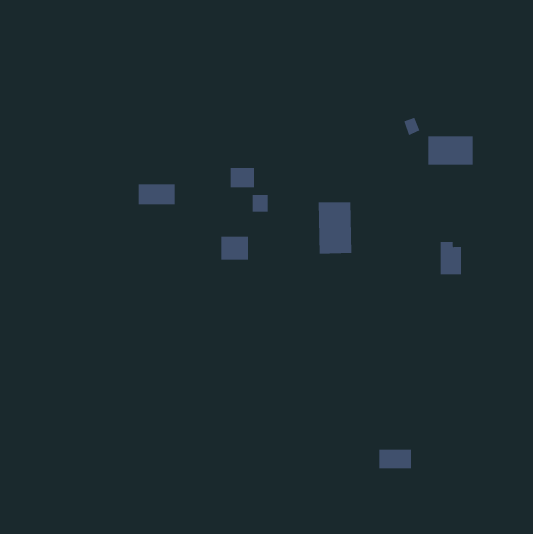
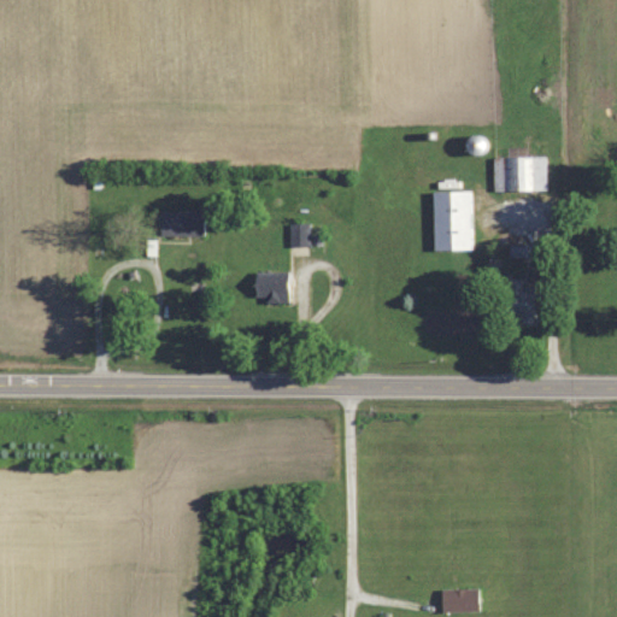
building: [230,167,255,188] -> none
building: [318,202,352,254] -> [433,190,472,251]
building: [379,449,412,469] -> [441,588,480,611]

